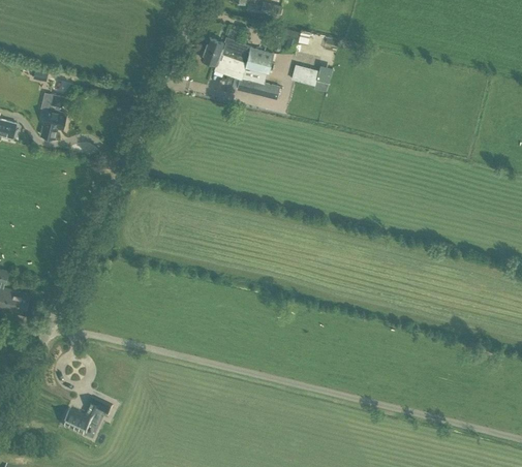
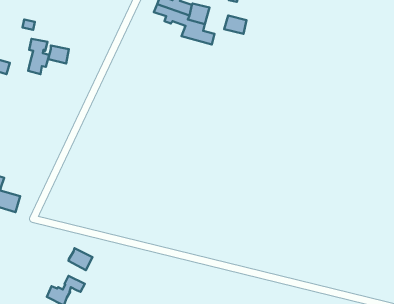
building: none -> [48,46,69,63]
building: none -> [69,248,92,270]

